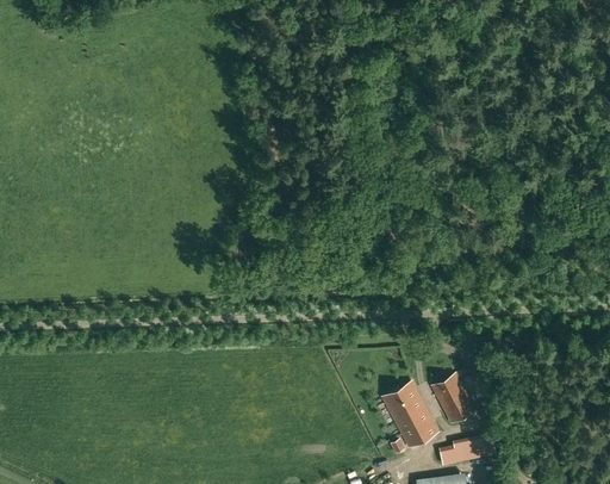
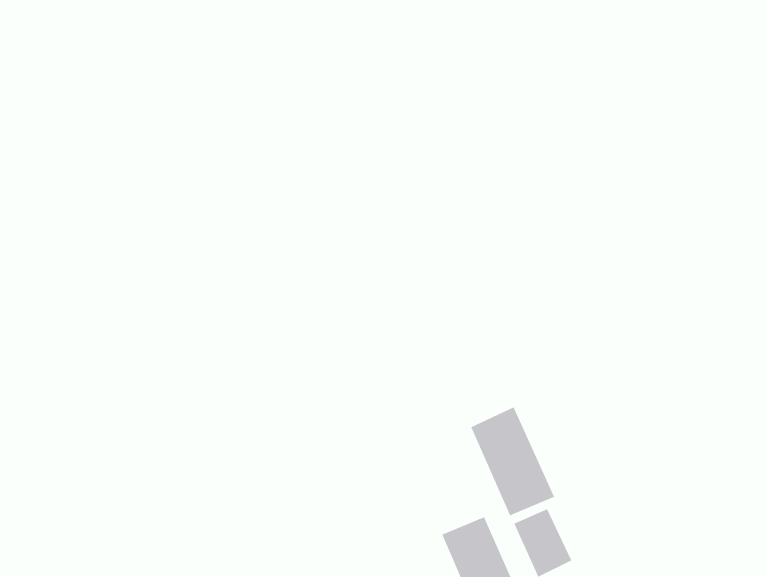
building: none -> [470,407,555,516]

